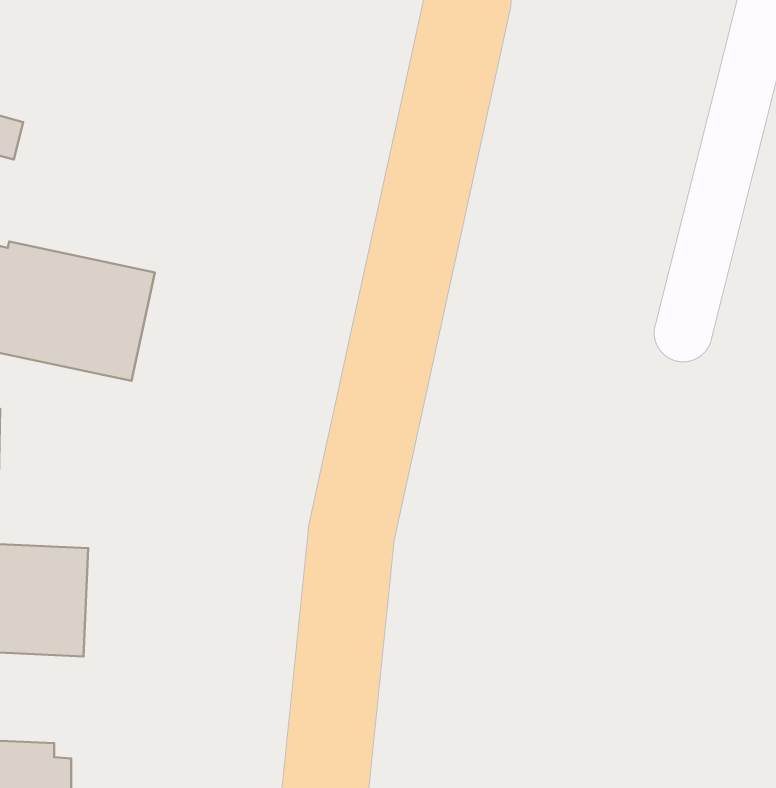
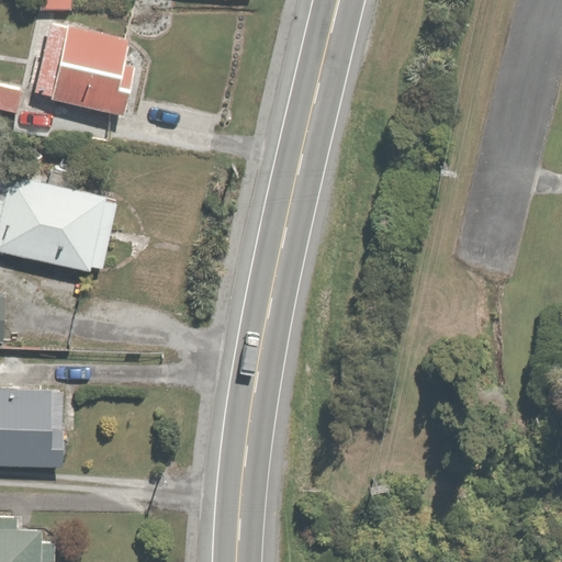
building: none -> [30,19,135,119]

